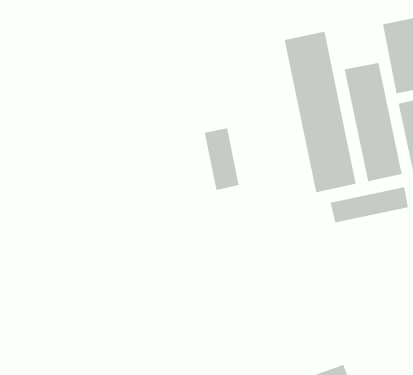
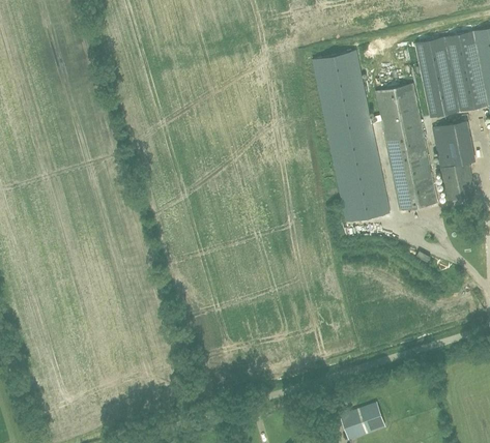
building: [204,128,239,191] -> none
building: [330,186,409,223] -> none

